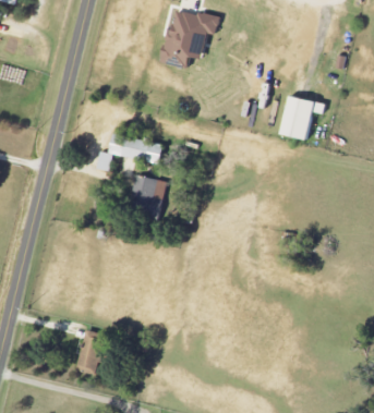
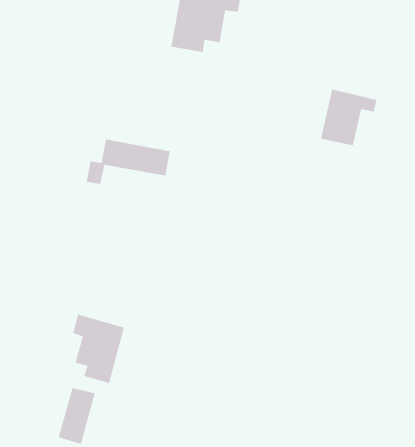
building: [128,174,166,212] -> none
building: none -> [72,314,124,384]

